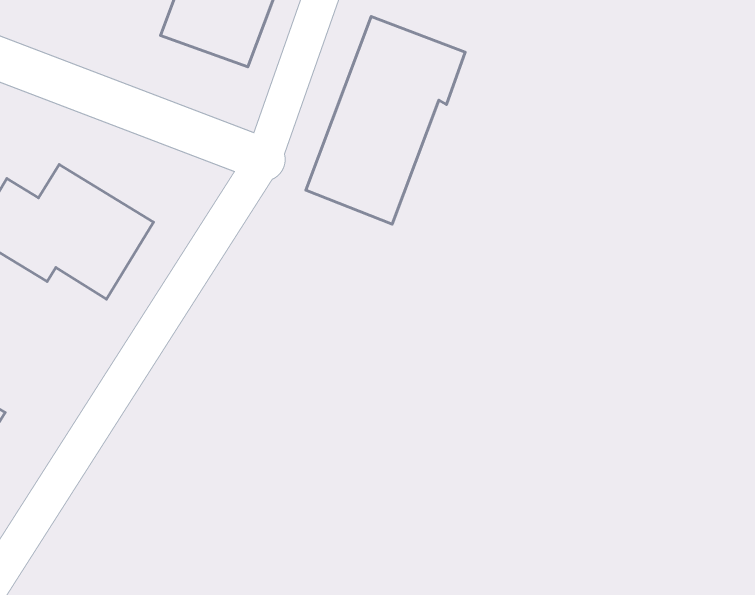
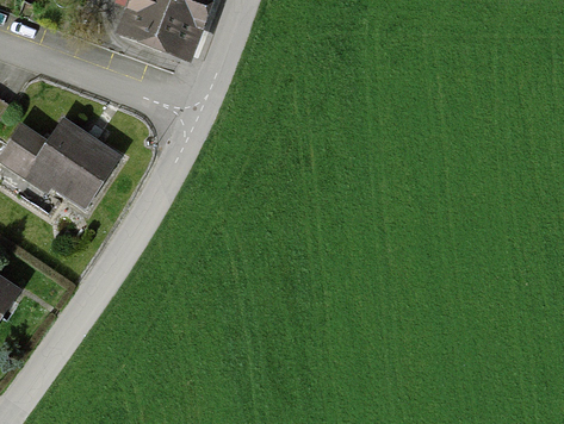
building: [306,16,465,224] -> none

